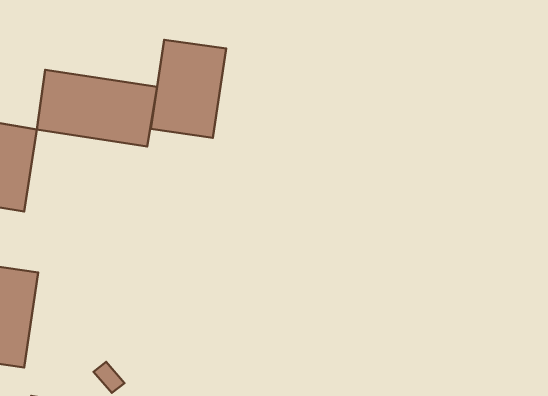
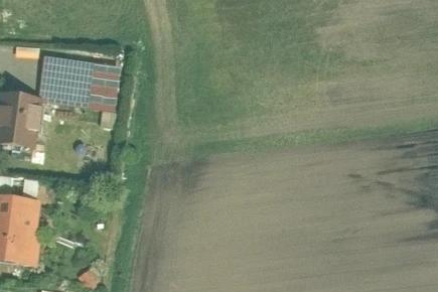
building: [151,40,226,138] -> none

